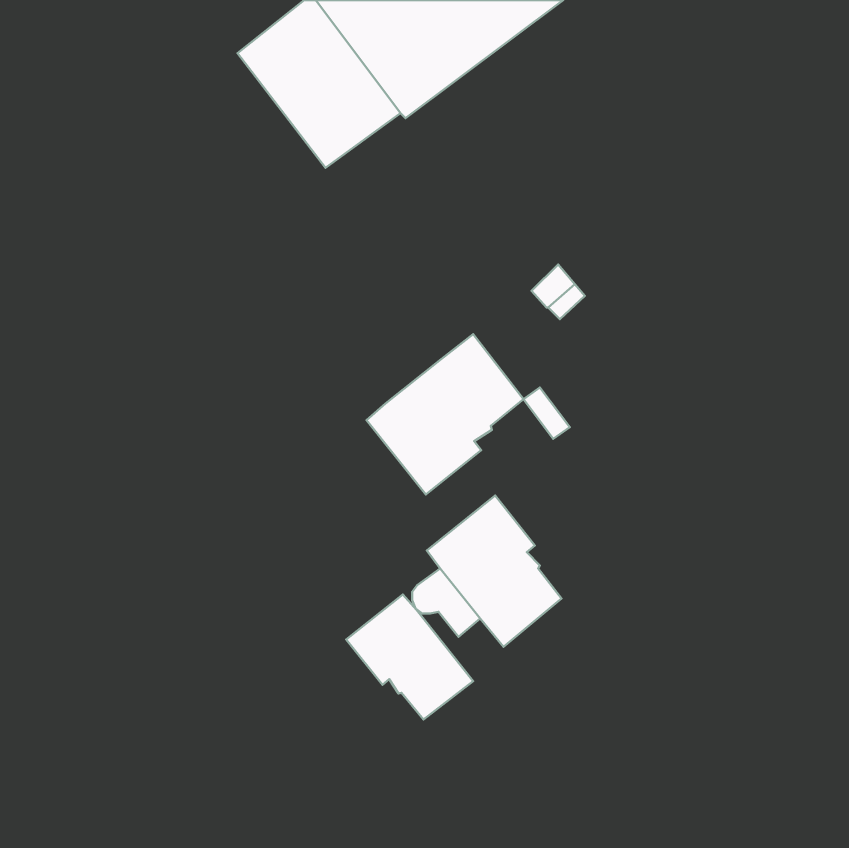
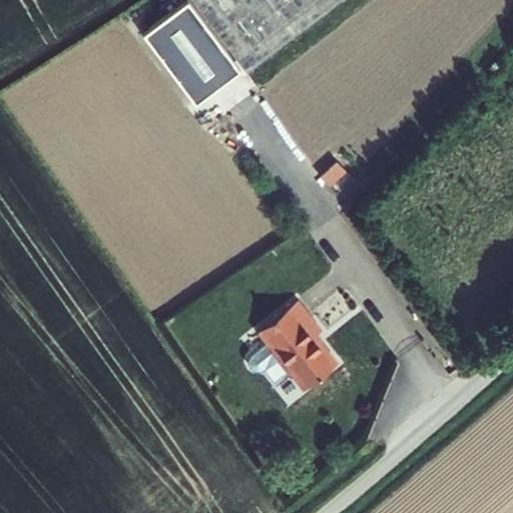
building: [367,334,523,495] -> none
building: [346,594,473,720] -> none

